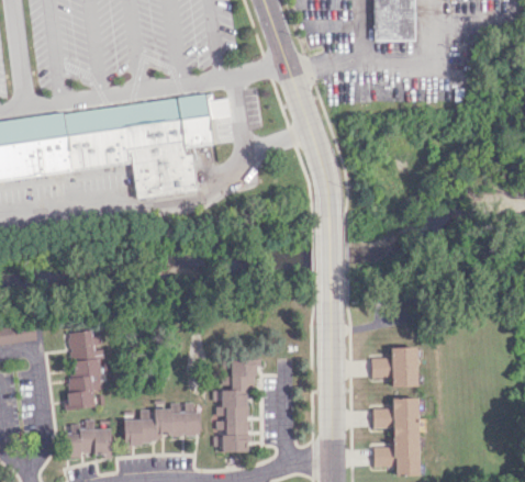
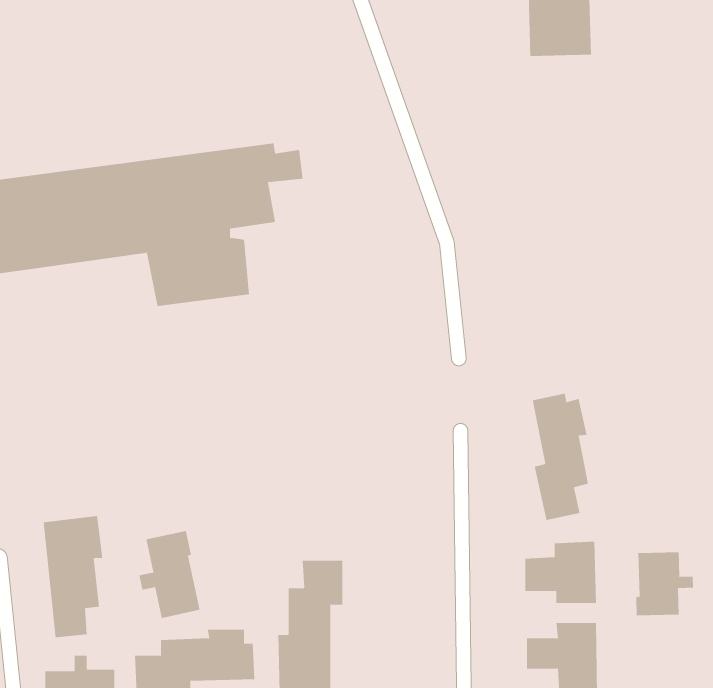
building: none -> [532,393,588,521]
building: none -> [139,530,200,619]
building: none -> [636,551,693,616]

